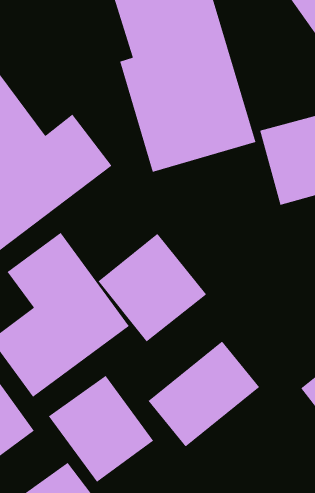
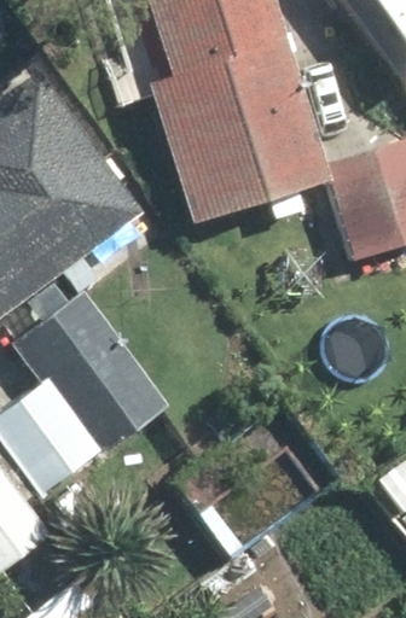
building: [97,233,207,342] -> none
building: [48,375,154,483] -> none

